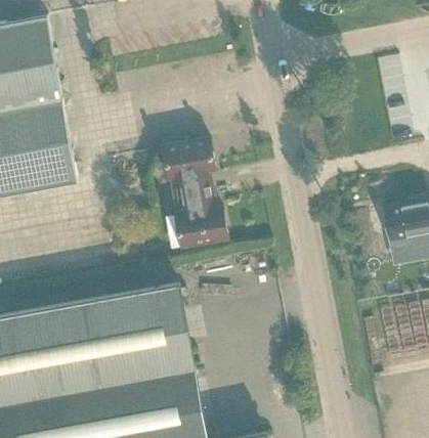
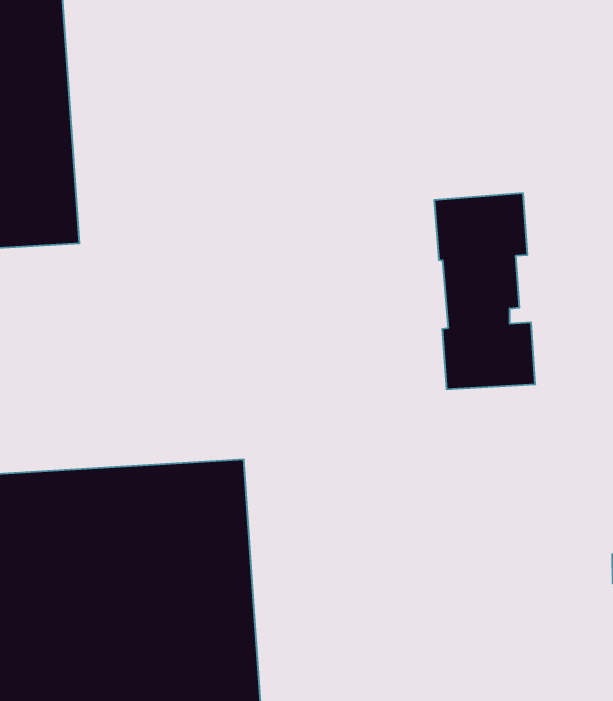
building: [161,139,226,249] -> [434,193,535,389]

